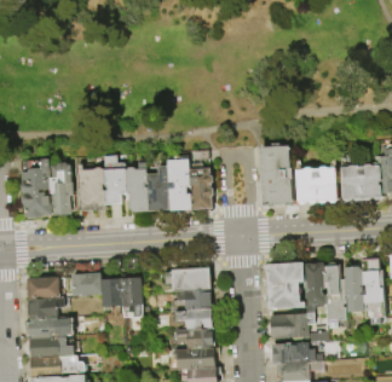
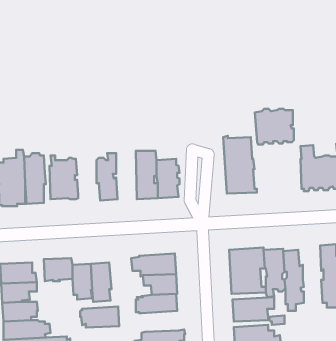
building: [105,156,127,206] -> none
building: [148,166,169,210] -> none
building: [296,167,338,204] -> [255,109,294,145]
building: [342,267,363,312] -> none
building: [172,328,213,349] -> [80,307,119,327]

